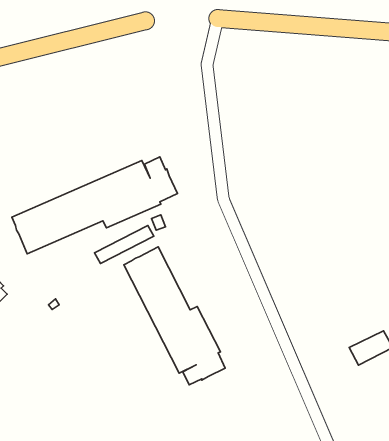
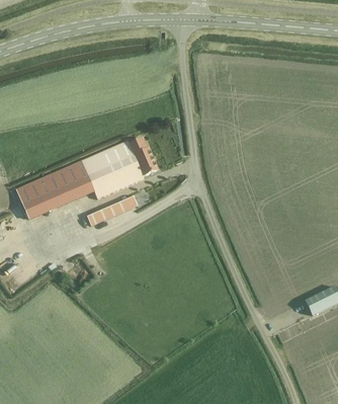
building: [124,247,225,385] -> none

